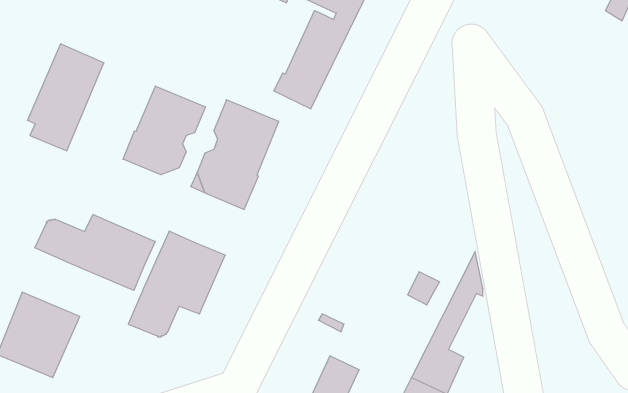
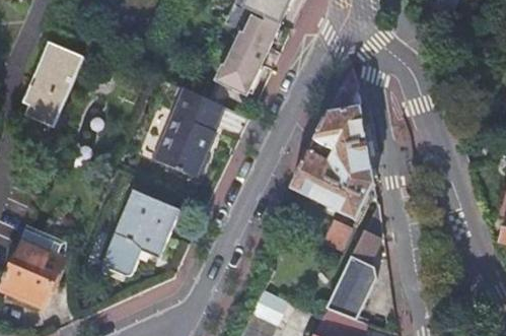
building: none -> [289,66,374,221]
building: [123,86,205,175] -> none
building: [35,214,155,290] -> none

